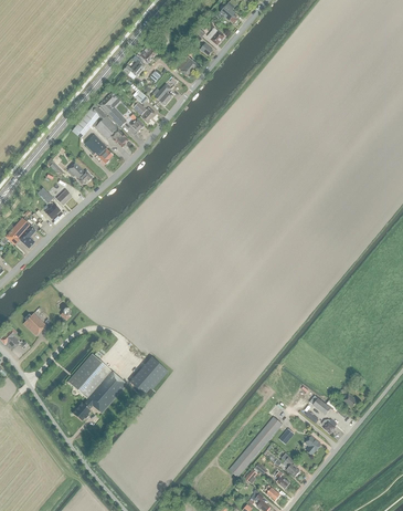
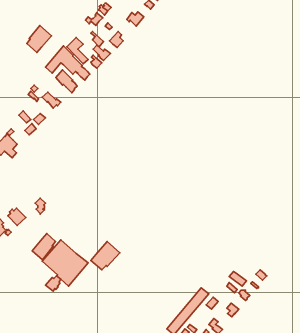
building: none -> [27,25,52,52]
building: none -> [32,234,56,260]

